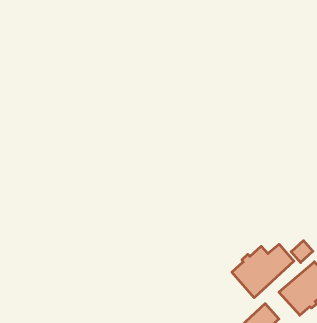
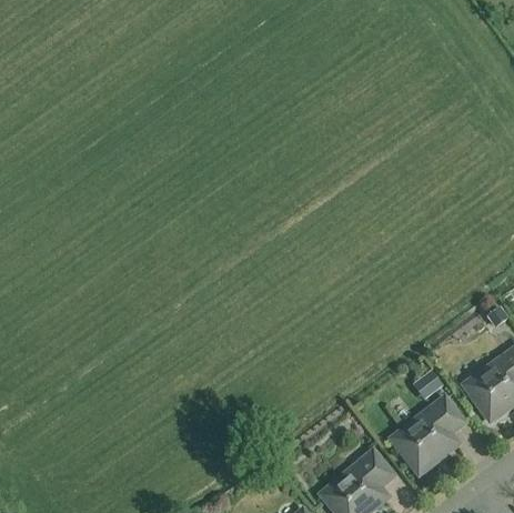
building: [232,244,294,298] -> none

